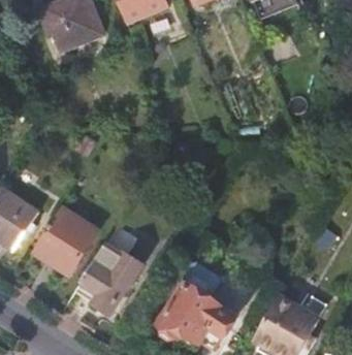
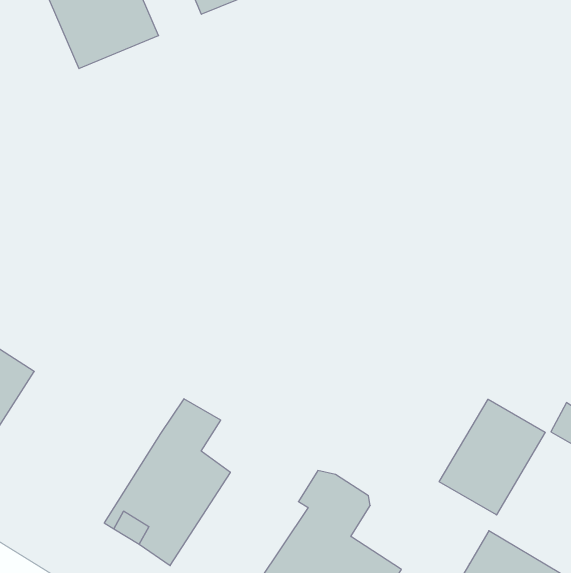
building: [32,207,98,277] -> none
building: none -> [439,399,545,515]

